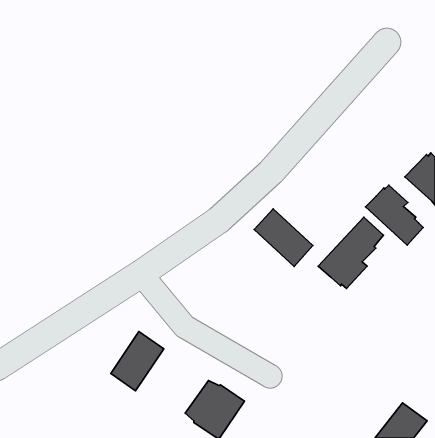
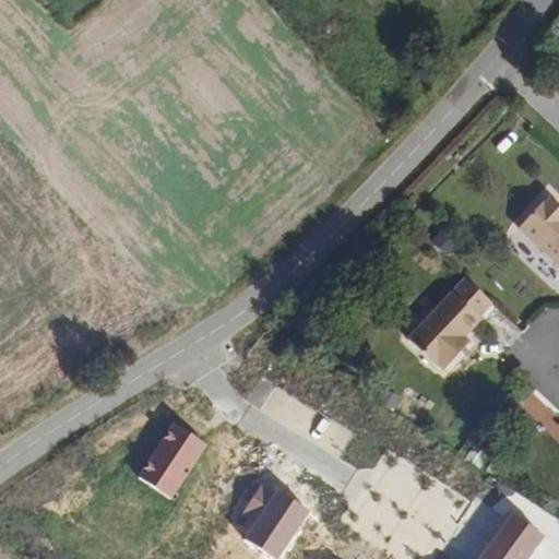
building: [365,185,423,245] -> none
building: [254,209,313,266] -> none

